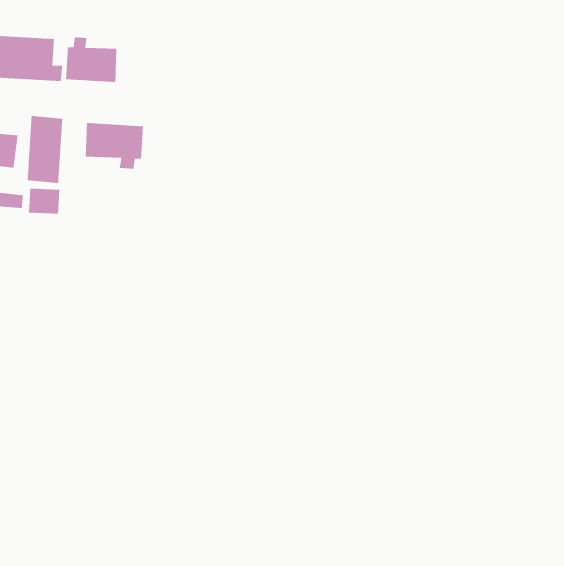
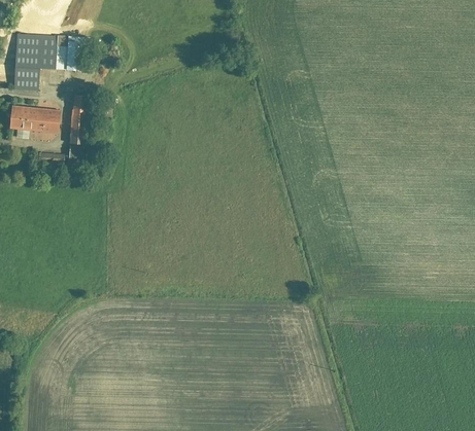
building: [65,37,117,83] -> none
building: [85,122,144,169] -> none

